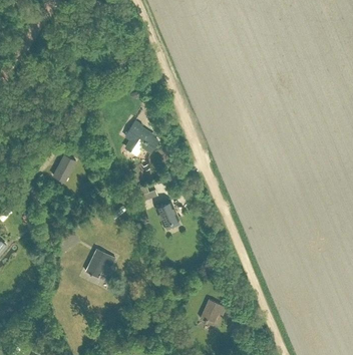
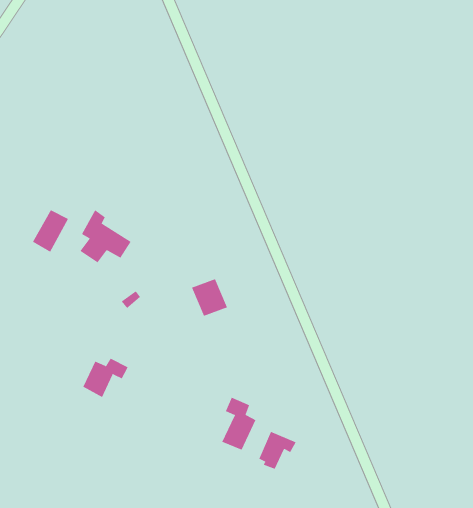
building: [124,120,158,155] -> [80,210,132,263]
building: none -> [222,397,256,450]

